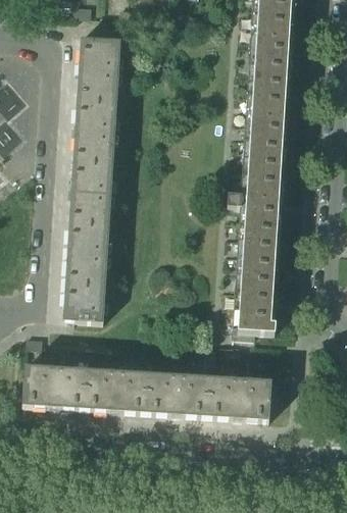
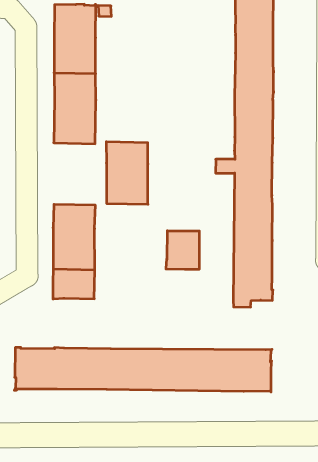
building: [69,168,112,230] -> [106,142,148,204]
building: none -> [166,231,199,269]

